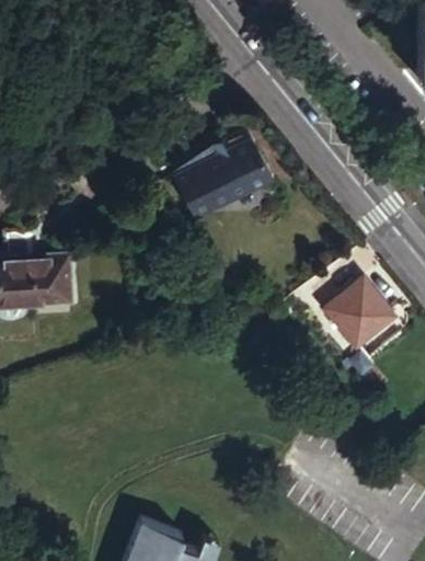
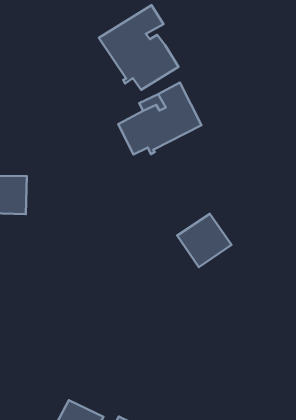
building: none -> [99,5,179,90]
building: [324,278,391,344] -> [177,214,232,267]

